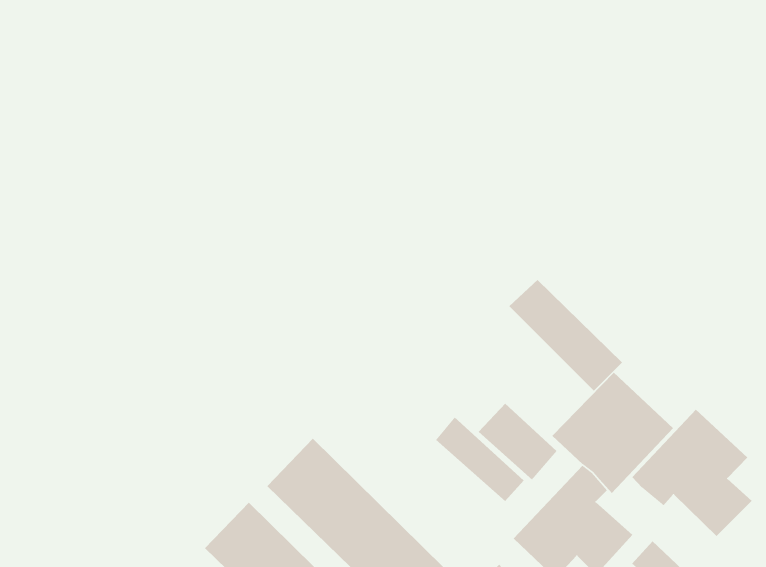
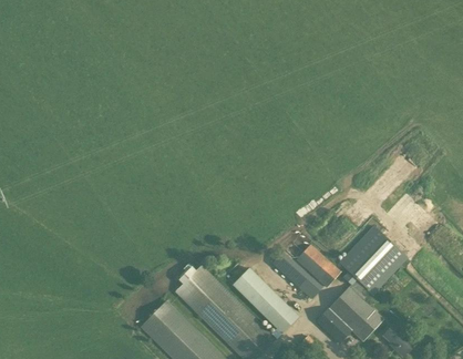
building: [508,279,623,392] -> [233,268,298,332]
building: [631,409,752,537] -> none

